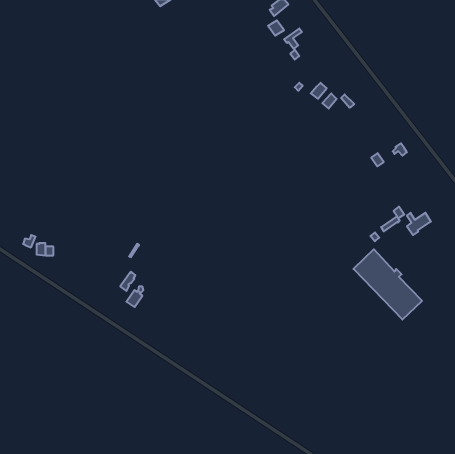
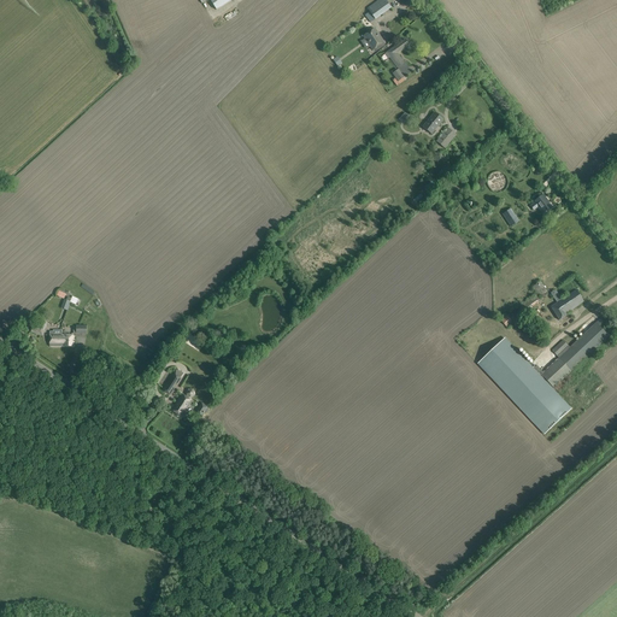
building: none -> [541,318,609,387]

